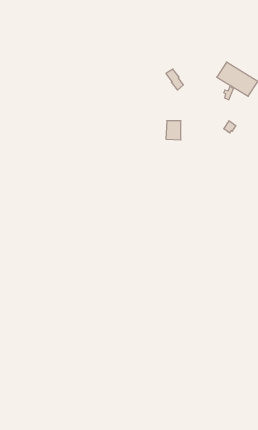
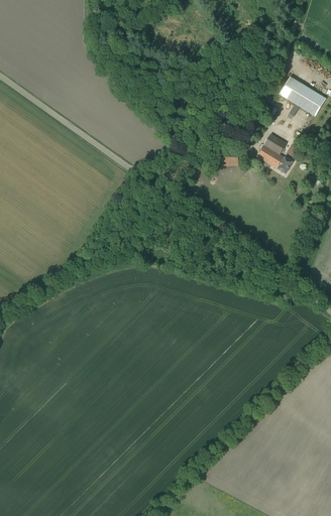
building: none -> [256,133,293,174]

